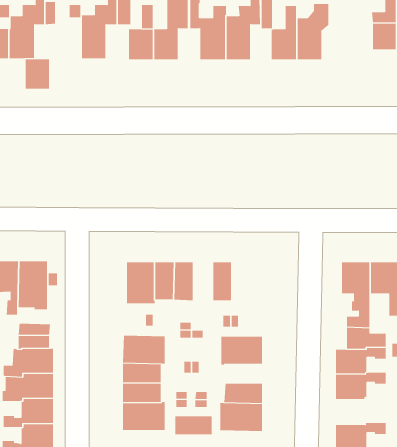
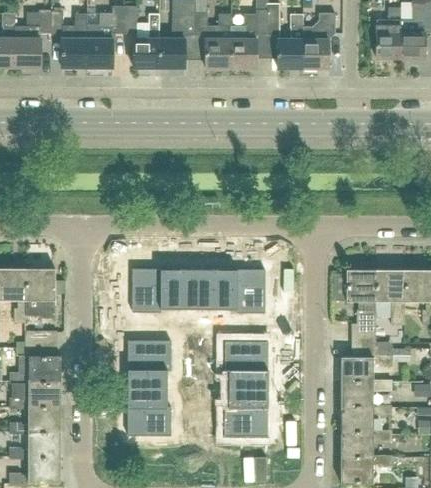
building: [25,59,50,89] -> [62,37,87,67]
building: none -> [199,269,218,308]
building: none -> [236,269,265,312]
building: none -> [340,404,391,431]
building: [174,416,213,435] -> [230,371,268,390]

